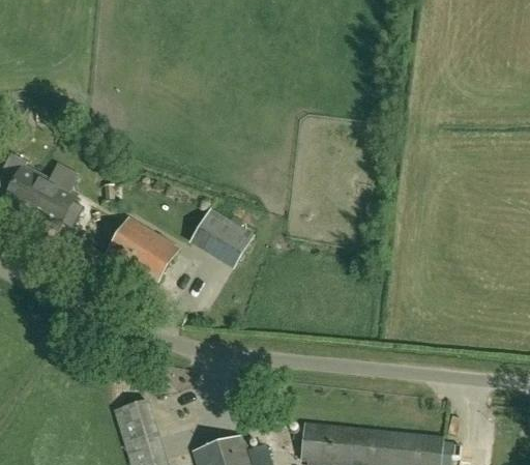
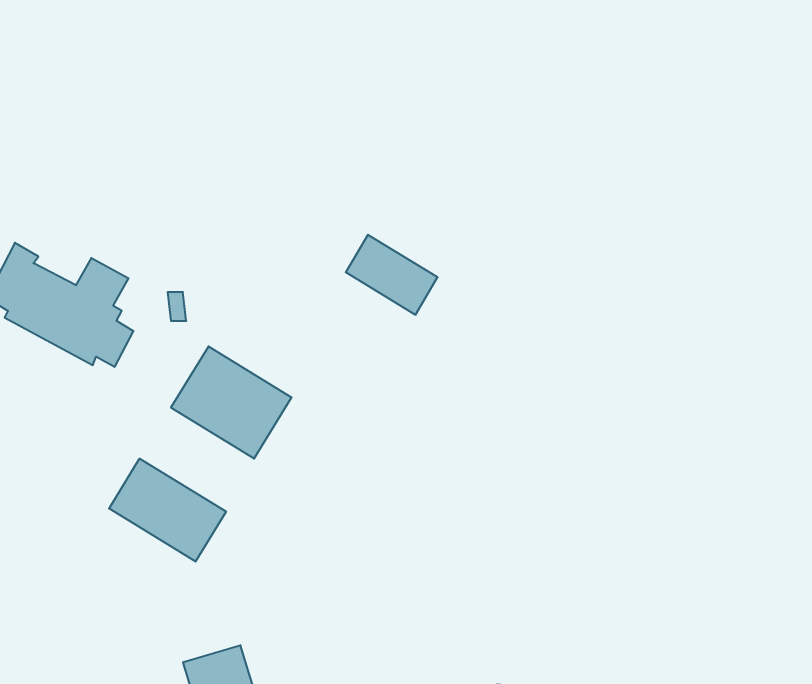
building: [197,210,253,259] -> [346,235,438,315]
building: none -> [109,459,226,562]

